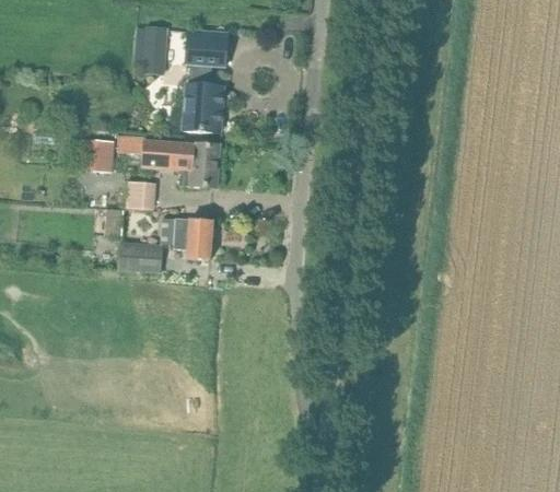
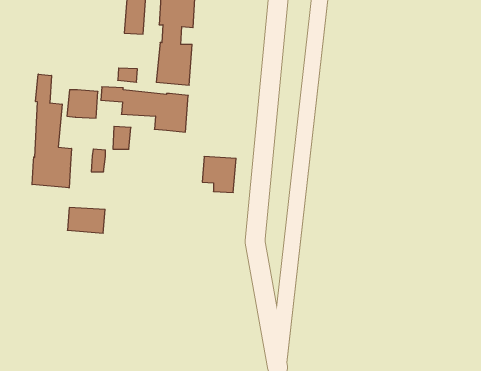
building: none -> [32,74,71,188]
building: [173,218,212,259] -> [202,157,236,192]
building: [118,242,162,271] -> [67,208,105,233]

